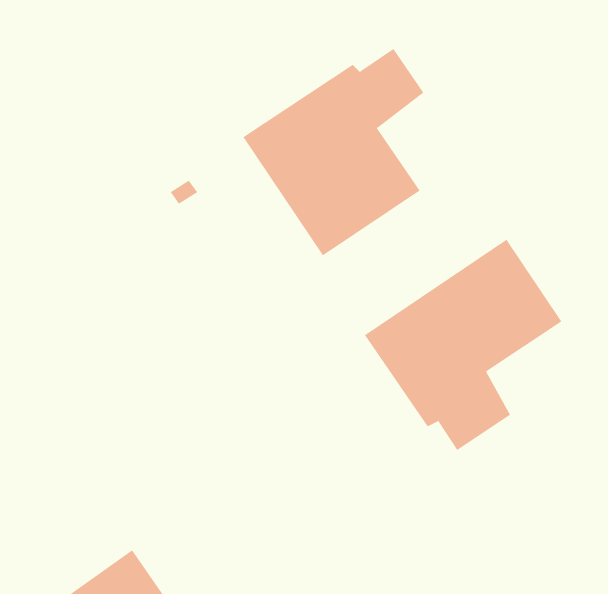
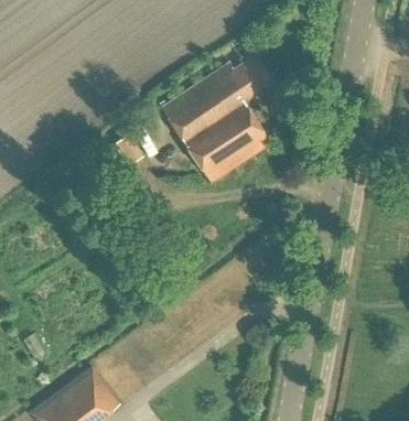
building: [364,239,562,451] -> none

